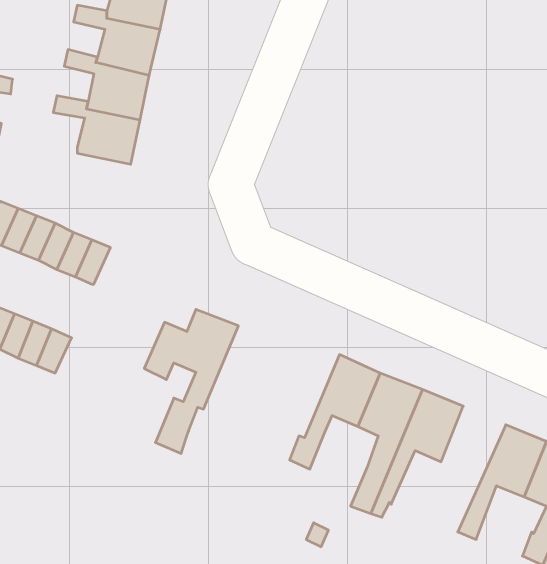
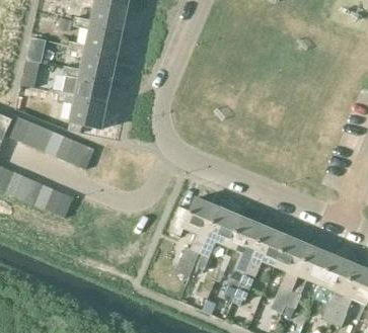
building: none -> [59,90,106,131]
building: [144,309,238,453] -> [169,197,221,276]
building: none -> [272,235,312,313]

